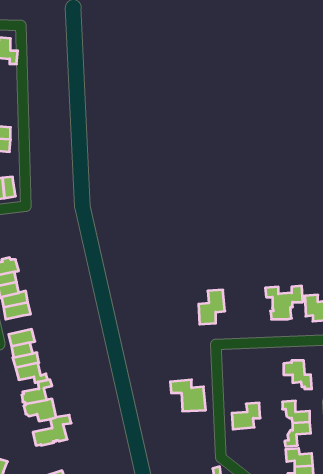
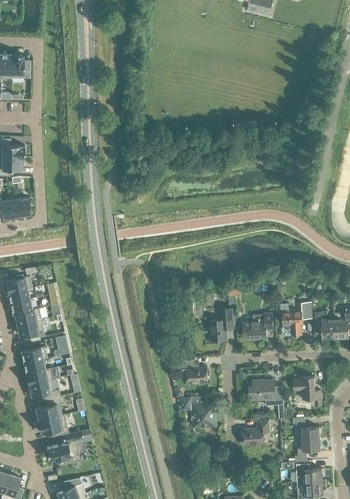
building: none -> [244,313,273,339]
building: none -> [177,360,208,384]
building: none -> [250,379,284,406]

